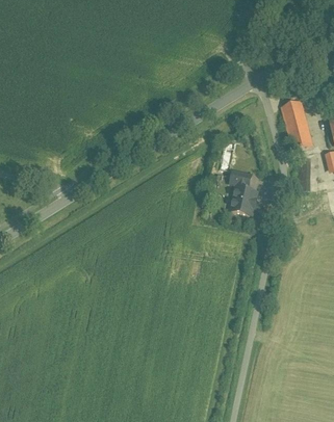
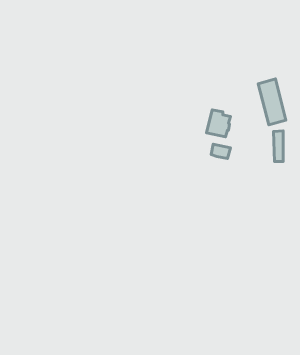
building: [230,185,256,214] -> [206,110,230,137]

